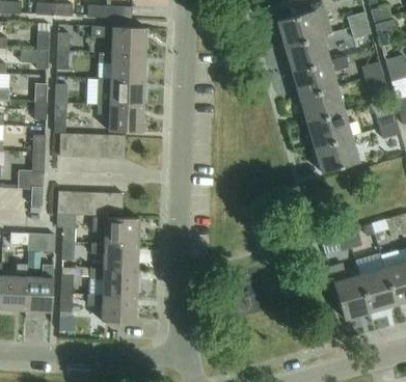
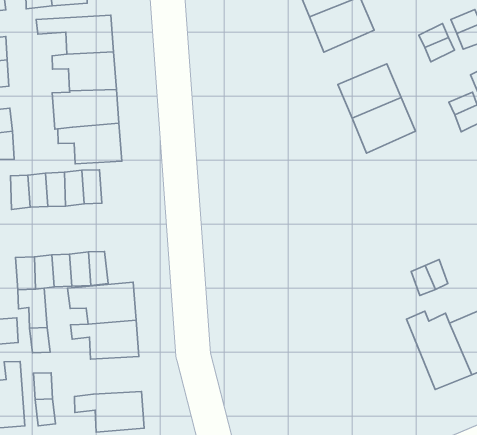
building: [293,56,348,96] -> none
building: [315,135,359,172] -> none
building: [81,268,139,296] -> none

